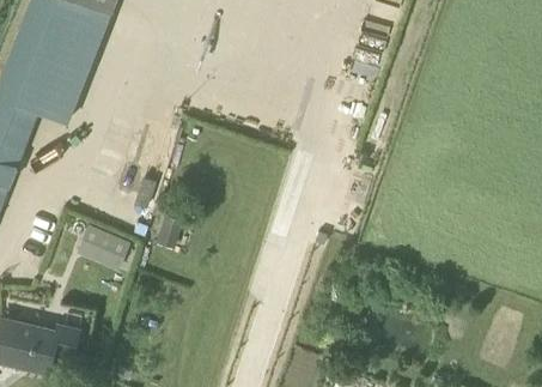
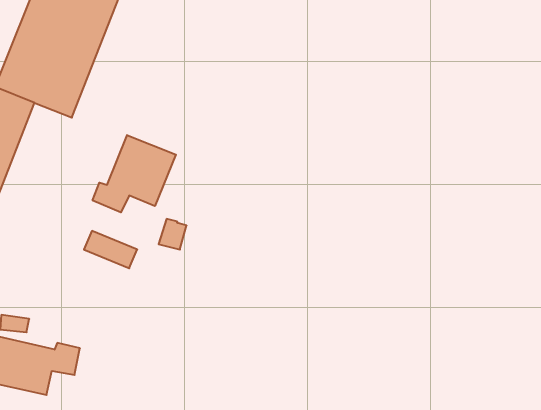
building: none -> [93,135,176,212]

